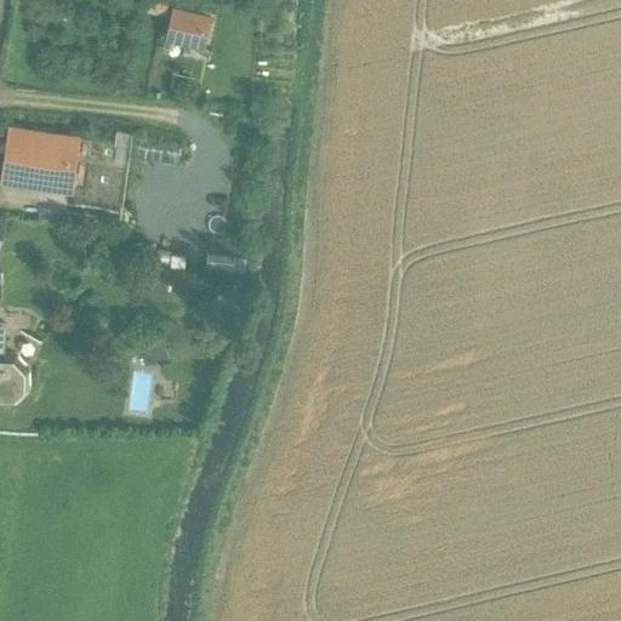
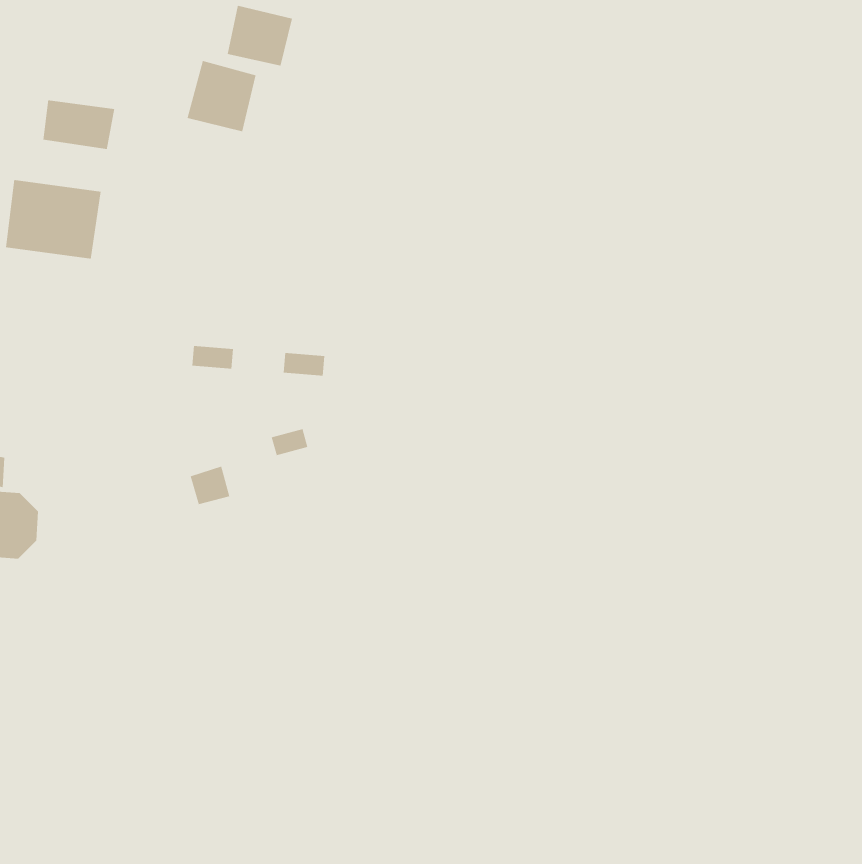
building: none -> [187,60,256,132]
building: none -> [43,100,115,150]

